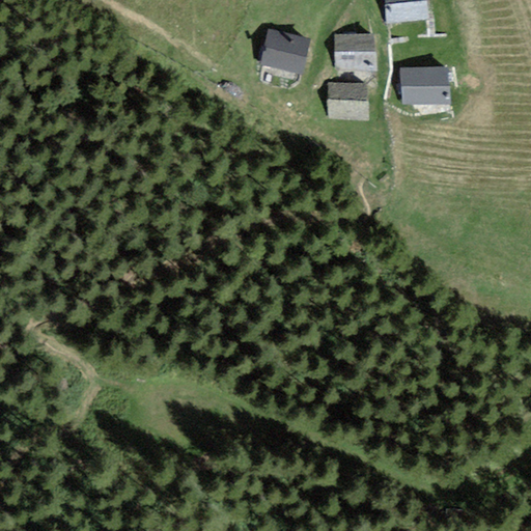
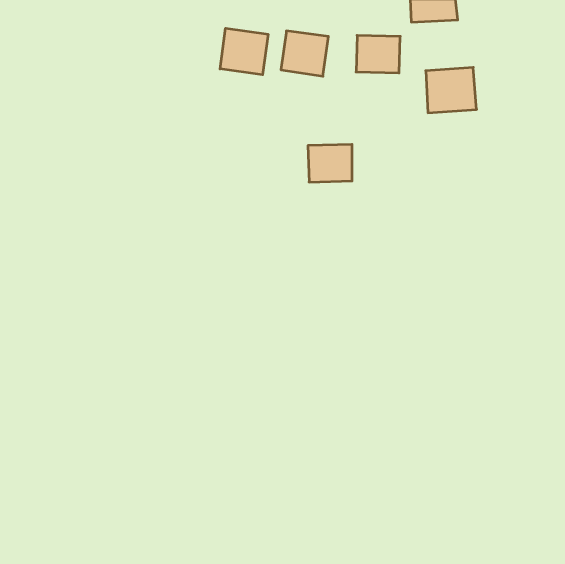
building: none -> [220,28,268,75]
building: [327,83,368,118] -> [308,144,352,182]

